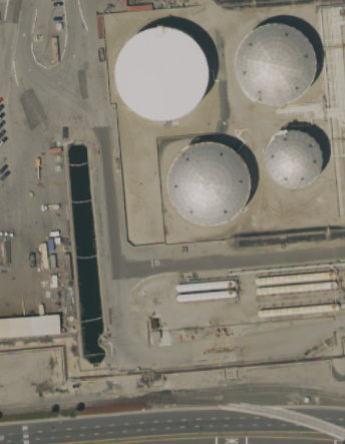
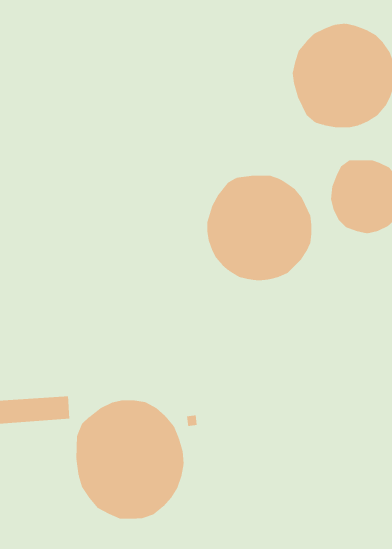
building: [114,26,209,120] -> none
building: none -> [76,400,184,520]

